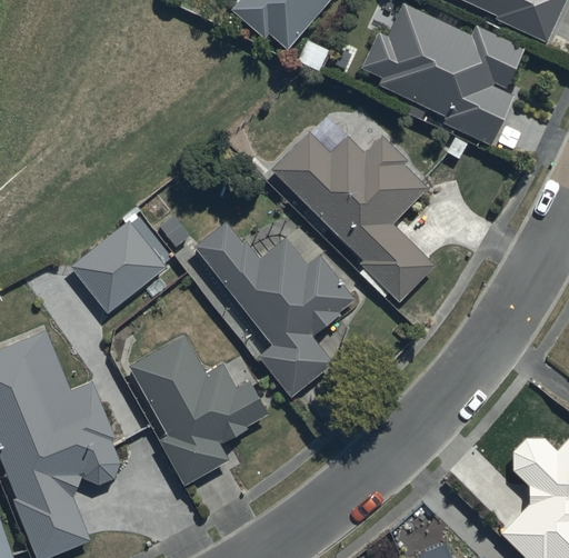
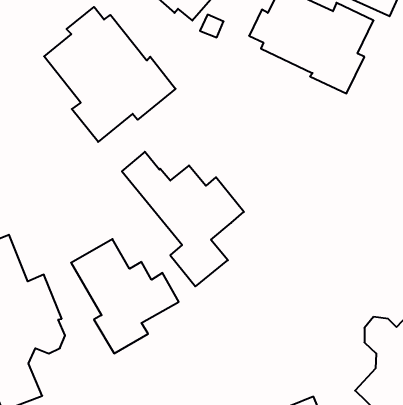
building: none -> [44,7,176,142]
building: [270,131,433,301] -> none
building: [69,213,172,315] -> none

